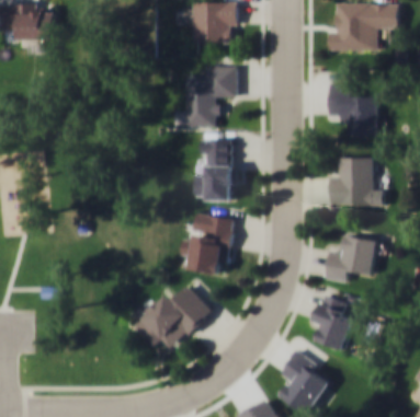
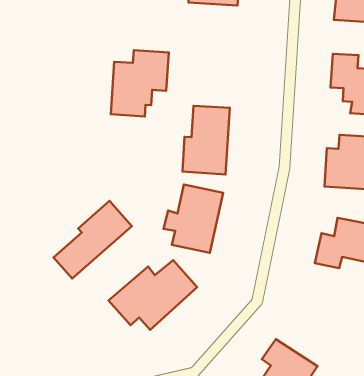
building: [185,65,236,126] -> [111,50,169,116]
building: none -> [54,201,132,279]
building: [311,293,354,350] -> none

